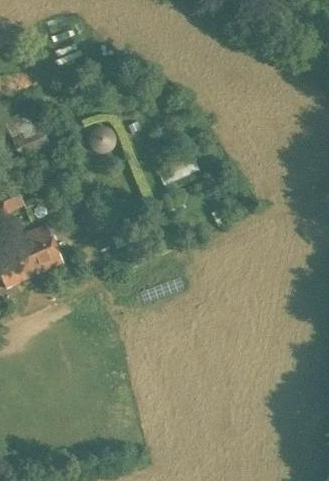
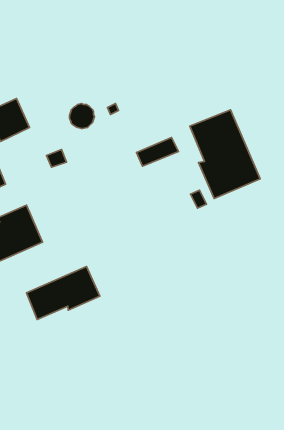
building: none -> [190,110,260,199]
building: none -> [26,267,100,319]

